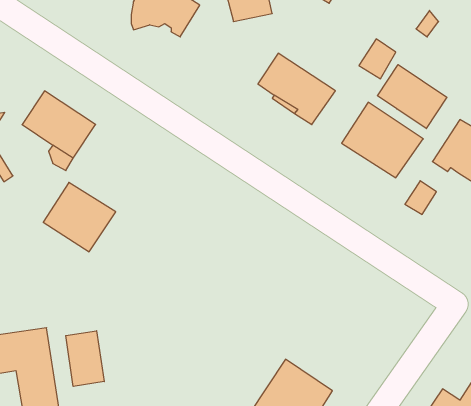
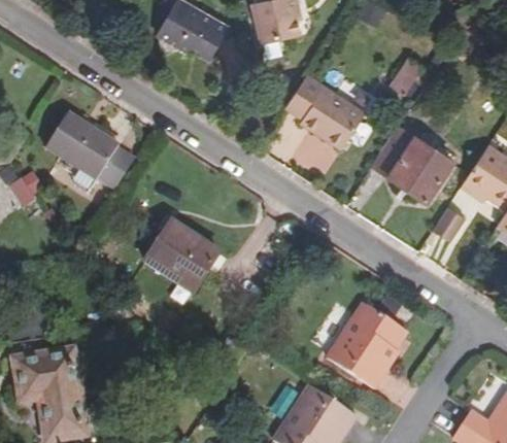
building: [377,65,447,129] -> none
building: [43,182,116,252] -> [147,222,221,292]
building: none -> [330,304,410,389]
building: [66,331,104,386] -> none

